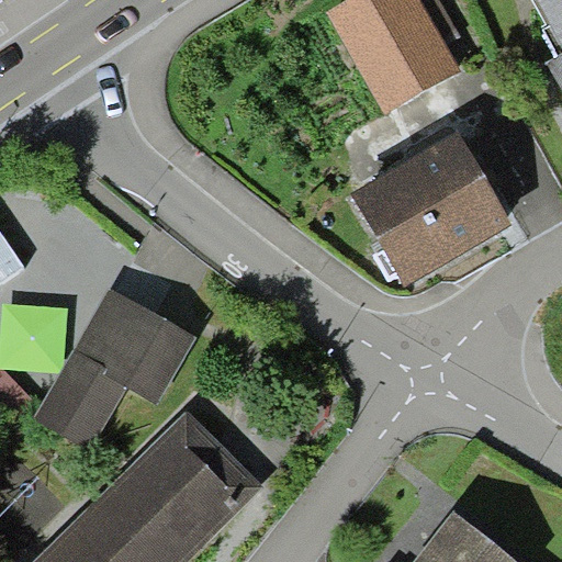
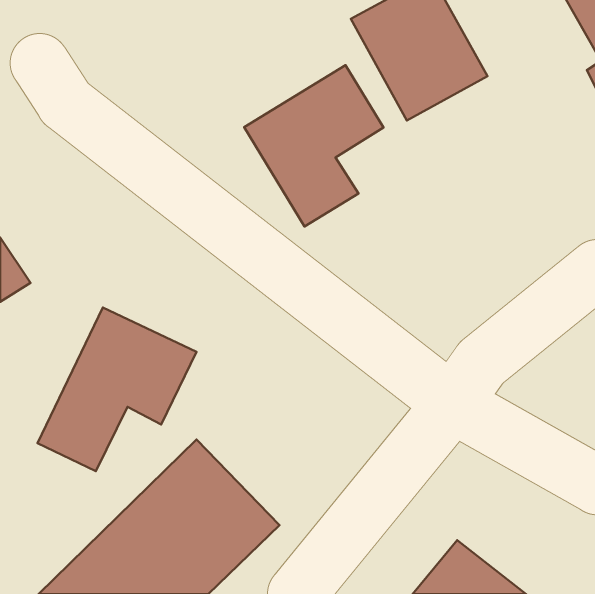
building: none -> [244,65,383,227]
building: [355,140,507,288] -> none

